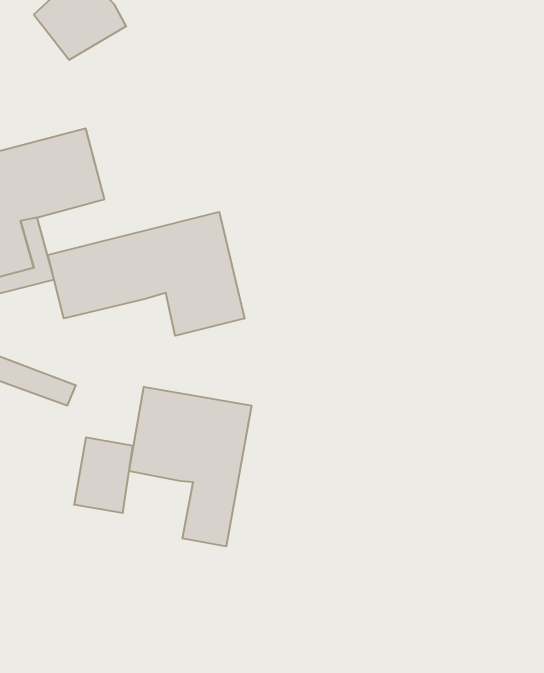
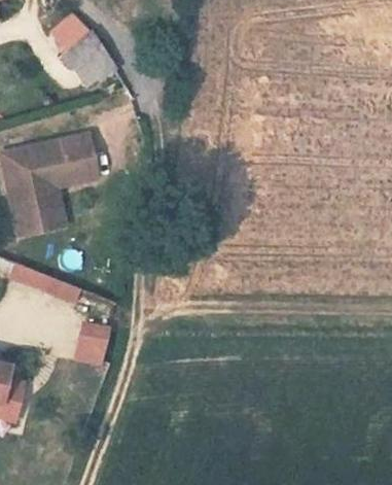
building: [48,212,245,336] -> none
building: [129,387,252,546] -> none

